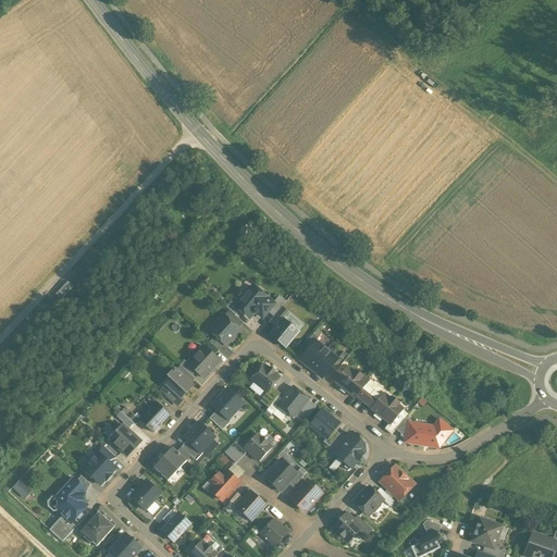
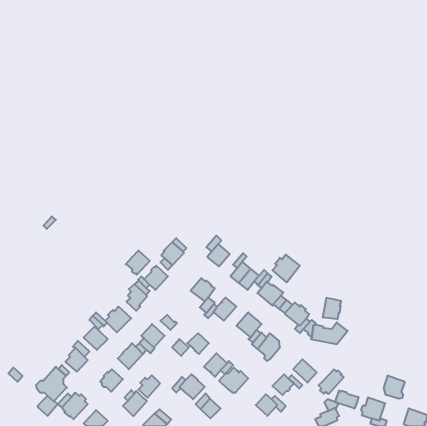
building: [235,286,273,318] -> none
building: none -> [126,250,150,275]
building: none -> [272,255,300,282]
building: none -> [323,298,341,319]
building: [212,388,243,420] -> none
building: [210,471,238,500] -> [138,375,160,398]
building: none -> [319,369,344,394]
building: none -> [384,375,405,399]
building: none -> [335,390,358,409]

